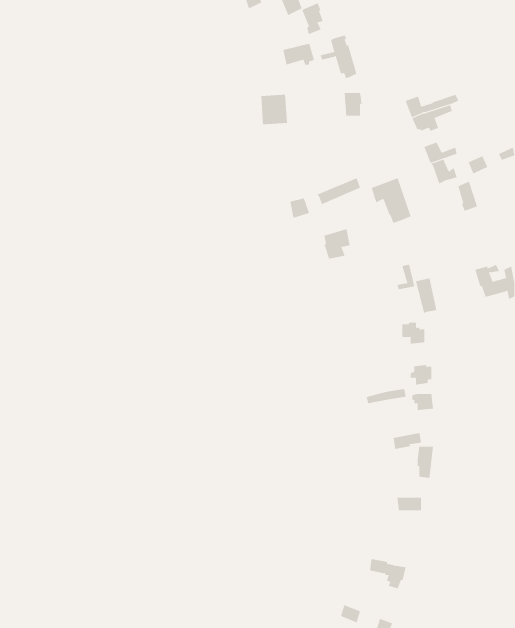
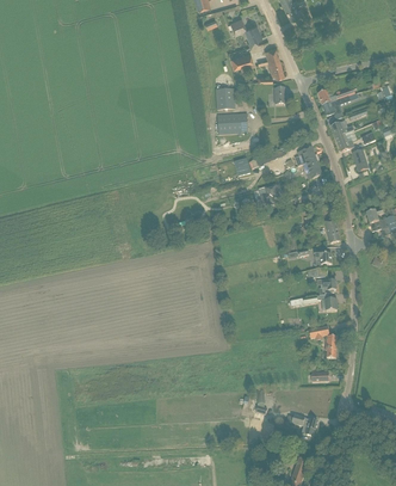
building: none -> [216,112,247,134]

